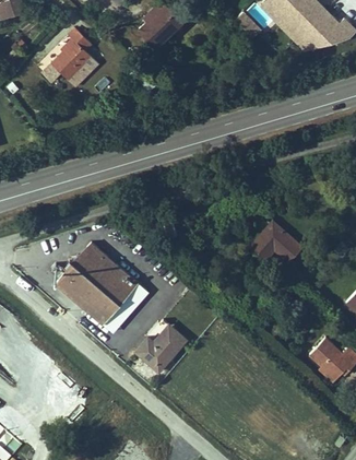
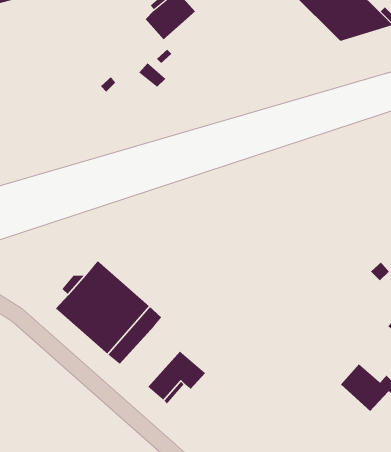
building: [39,26,91,78] -> none
building: [253,223,304,262] -> none

